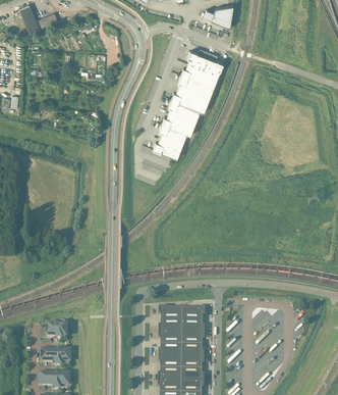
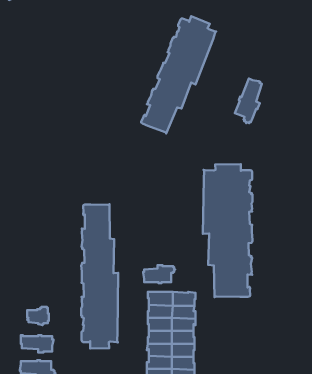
building: none -> [235,79,262,123]
building: none -> [203,164,253,297]
building: none -> [81,204,118,348]
building: none -> [143,265,175,283]

